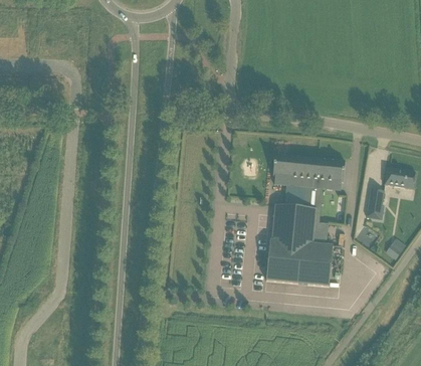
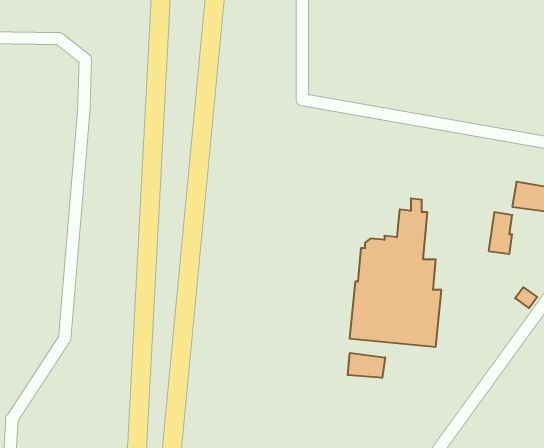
building: [272,155,344,188] -> none
building: none -> [348,353,385,378]

